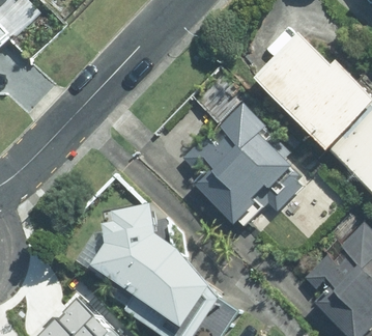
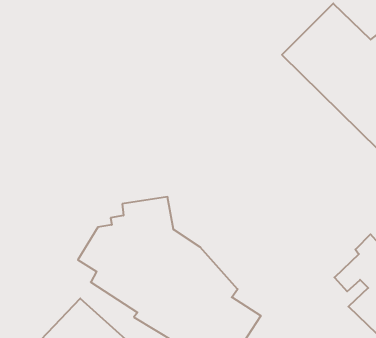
building: [179,102,293,225] -> none

